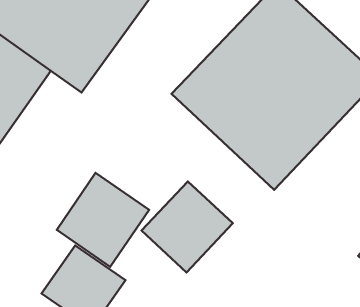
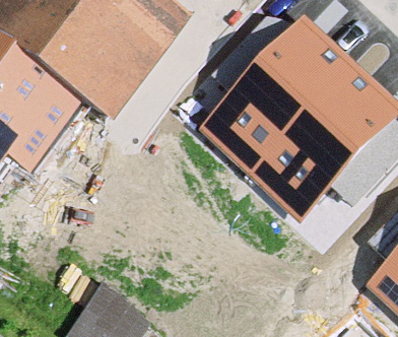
building: [57,173,149,267] -> none
building: [141,181,233,272] -> none

